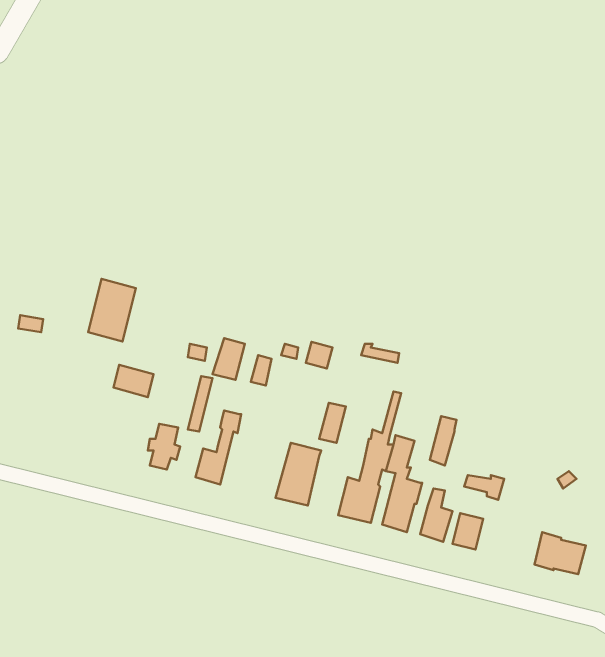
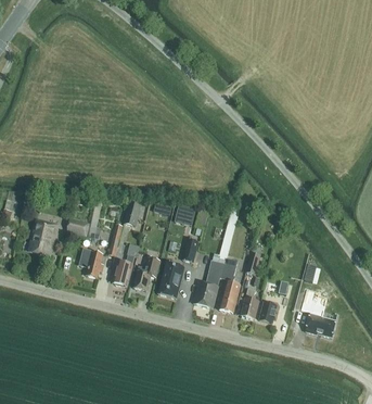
building: [88,279,136,342] -> [30,219,57,255]
building: none -> [134,256,162,290]

